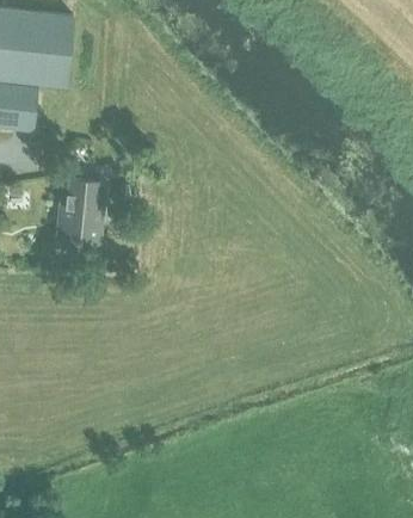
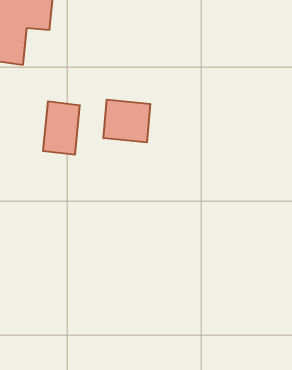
building: none -> [104,100,150,142]

